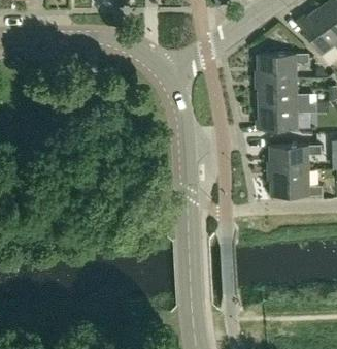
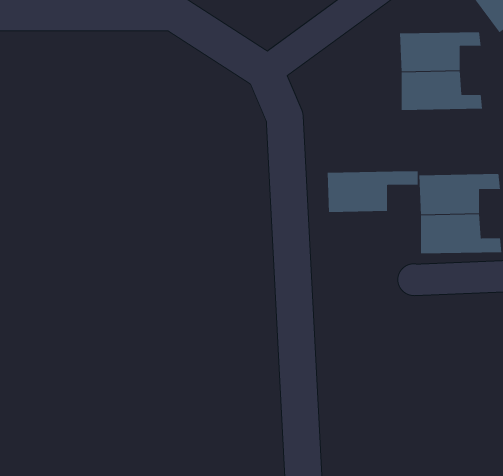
building: [258,103,316,130] -> [327,171,419,213]

